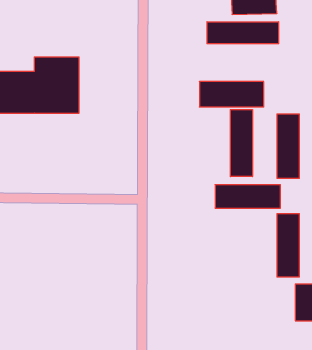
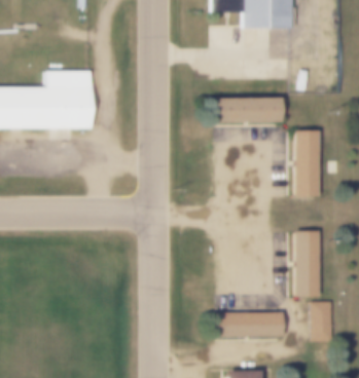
building: [207,22,279,44] -> none
building: [230,110,252,177] -> none
building: [215,185,280,208] -> [216,312,282,336]

